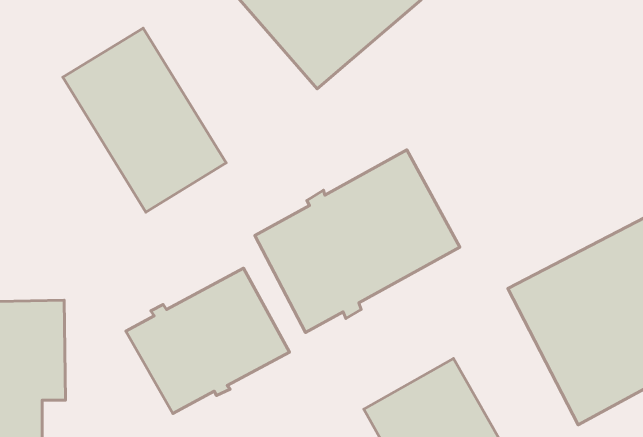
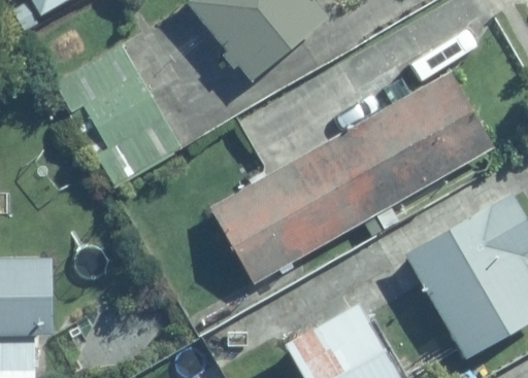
building: none -> [326,72,490,231]
building: [126,268,289,414] -> none

